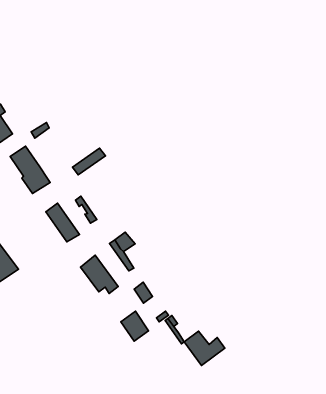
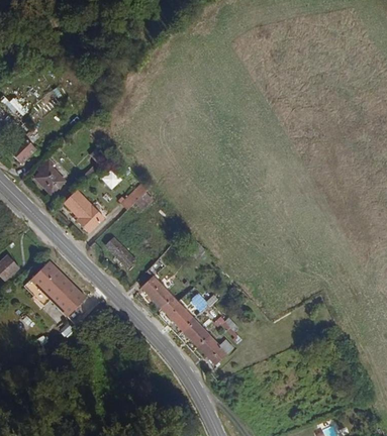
building: none -> [160,300,194,330]
building: [184,331,225,365] -> [197,334,233,363]

